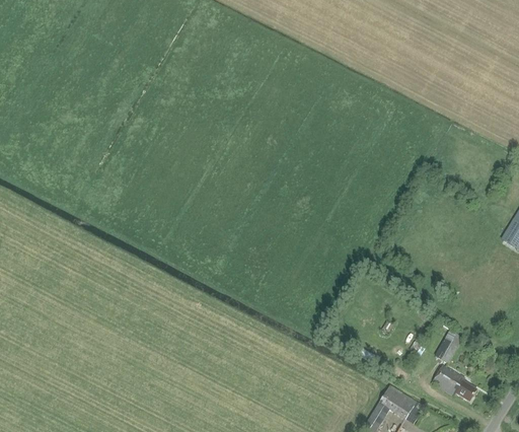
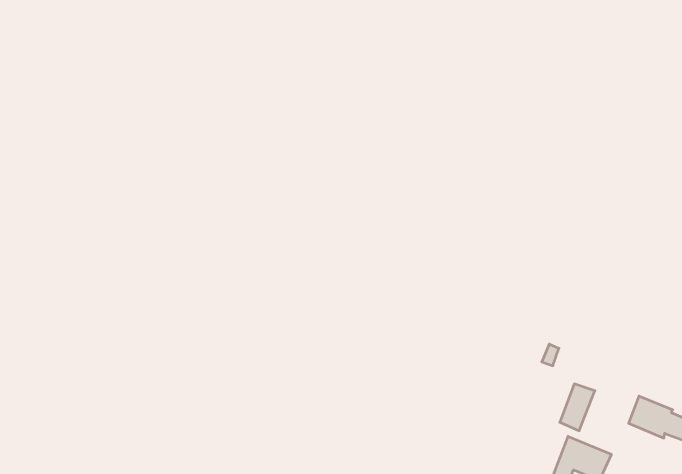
building: [436,332,463,364] -> [560,384,595,431]

